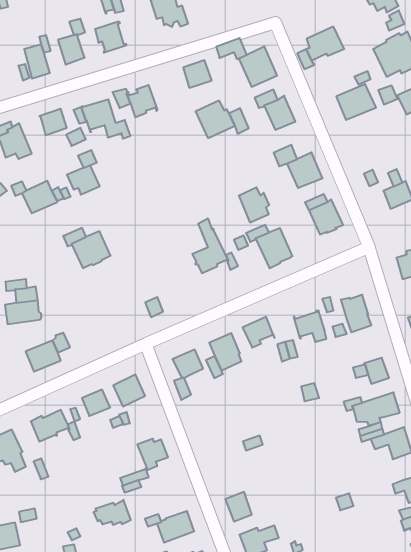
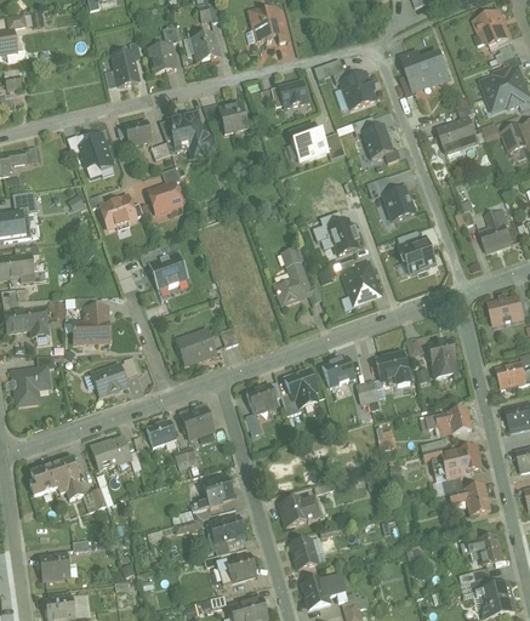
building: none -> [176,329,217,364]
building: none -> [279,497,319,526]
building: [93,500,131,525] -> [205,515,244,541]

